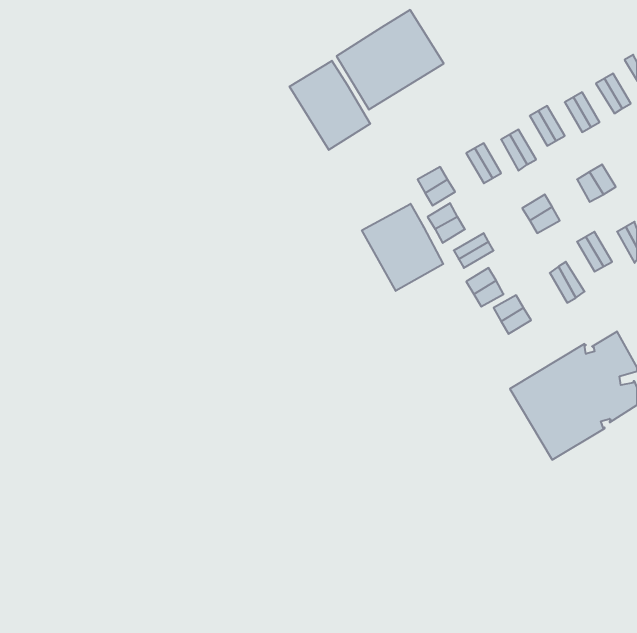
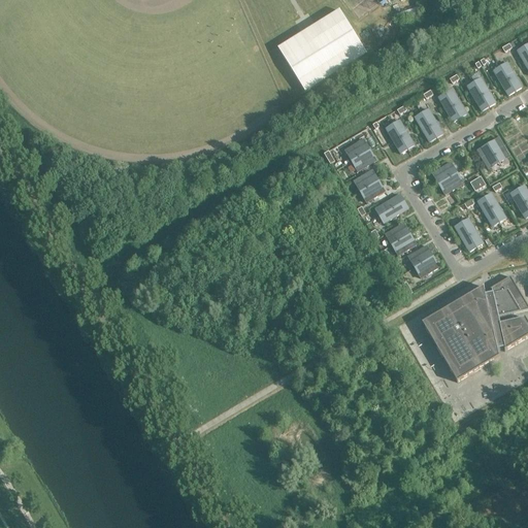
building: [290,61,370,150] -> none
building: [362,204,443,291] -> none

